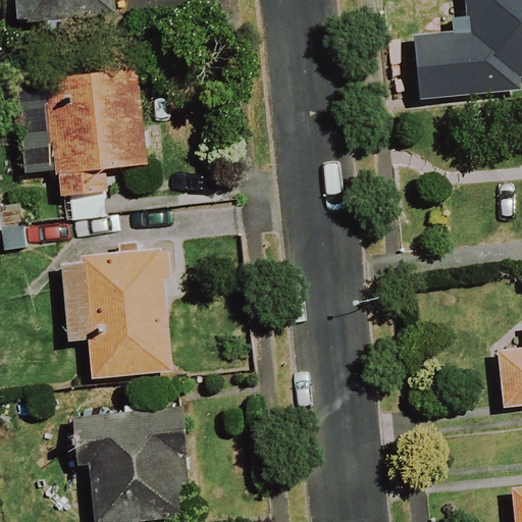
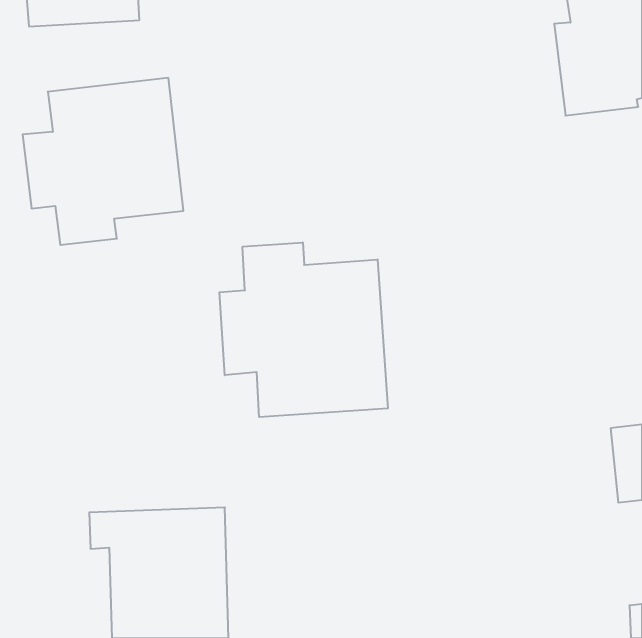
building: none -> [219,242,388,417]
building: [62,252,170,379] -> none

